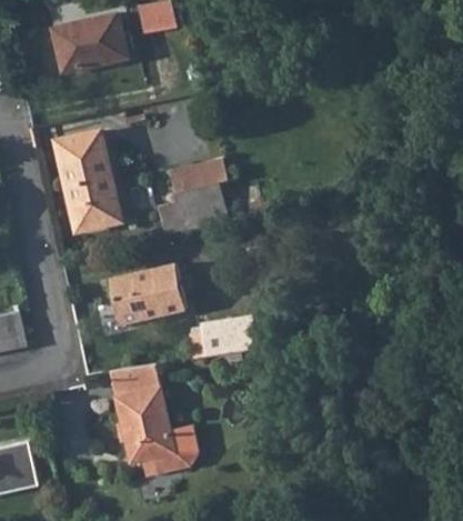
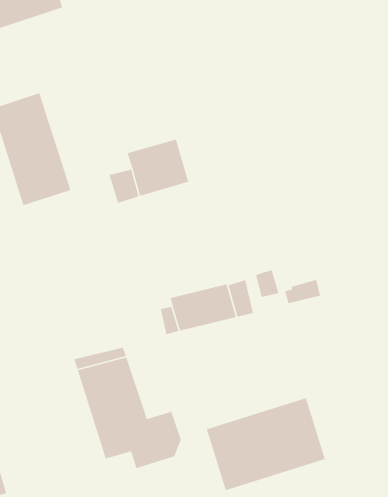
building: [168,161,227,192] -> none
building: [109,264,184,324] -> none
building: none -> [206,397,326,491]

